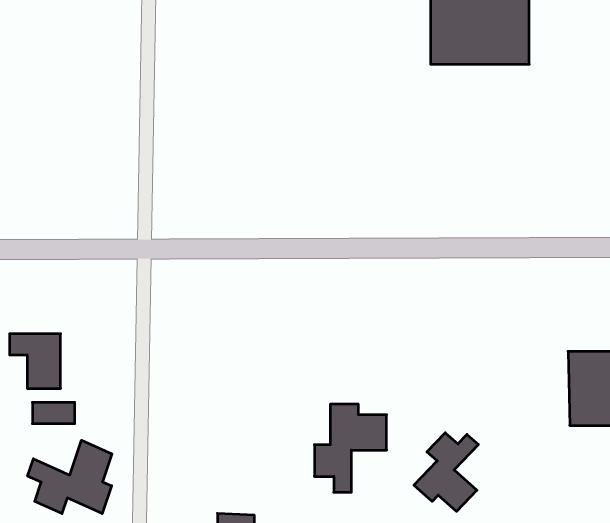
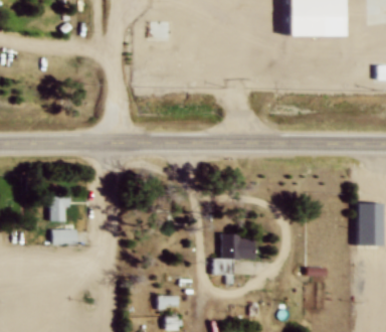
building: [414,433,478,511] -> none
building: [28,440,112,514] -> none

